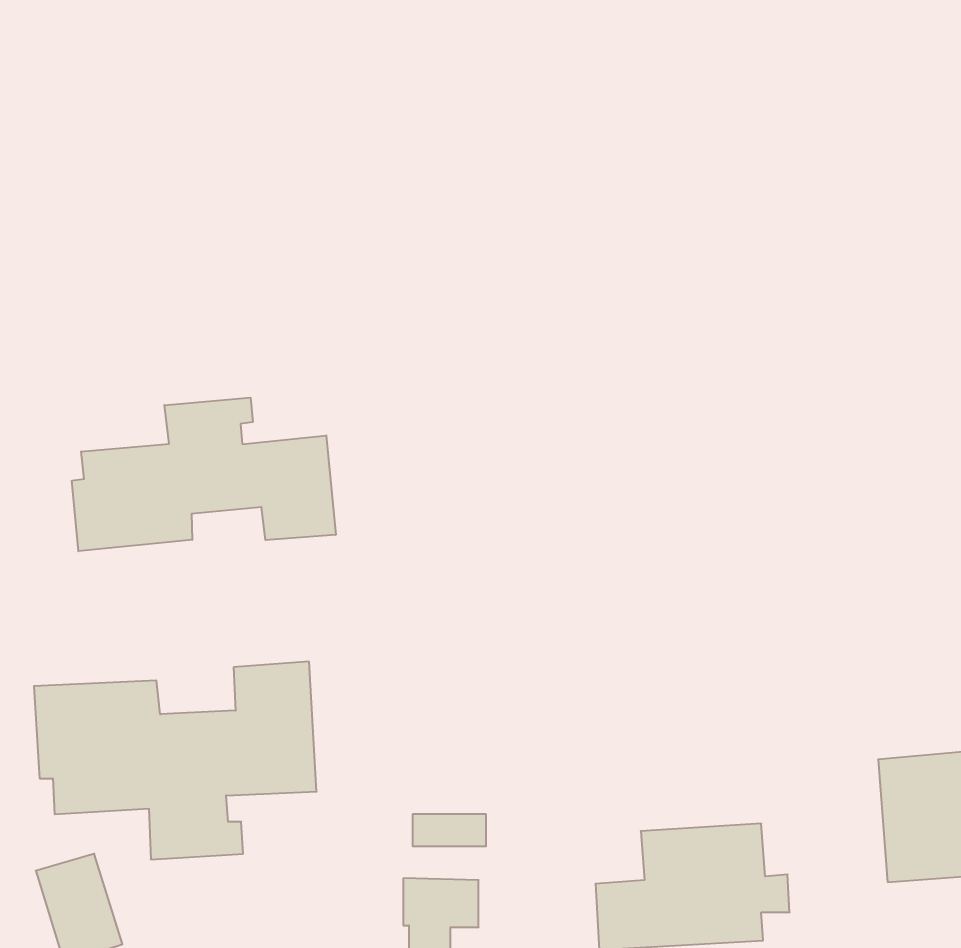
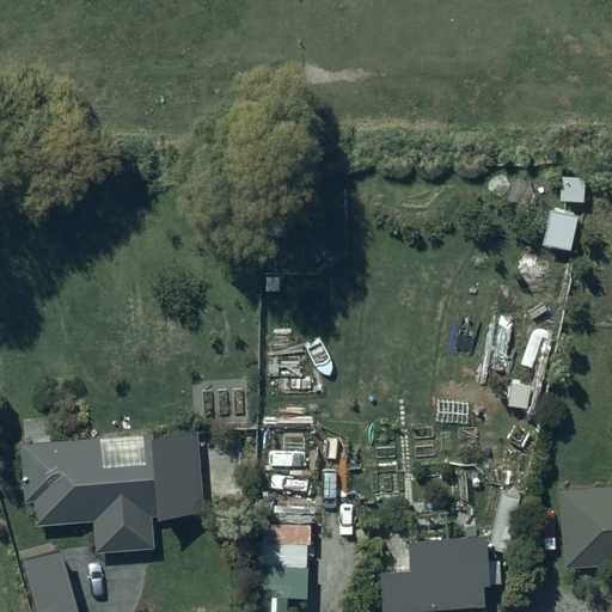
building: [72,398,336,551] -> none

